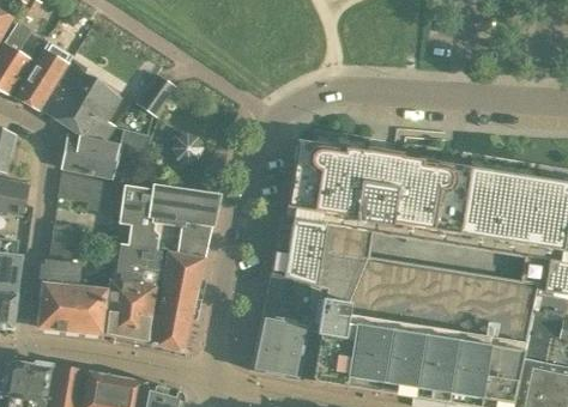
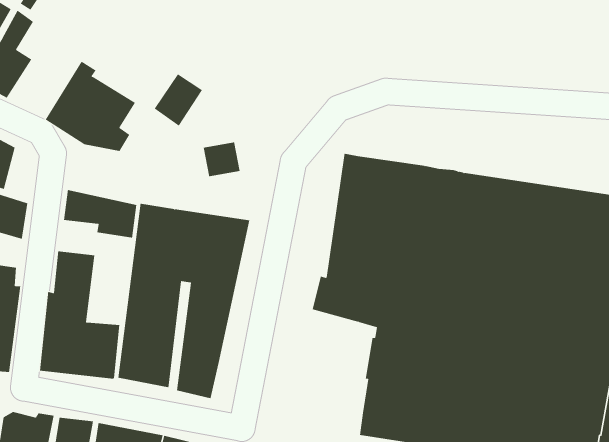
building: [16,49,67,110] -> none
building: [62,134,140,178] -> none
building: [252,274,310,378] -> none

